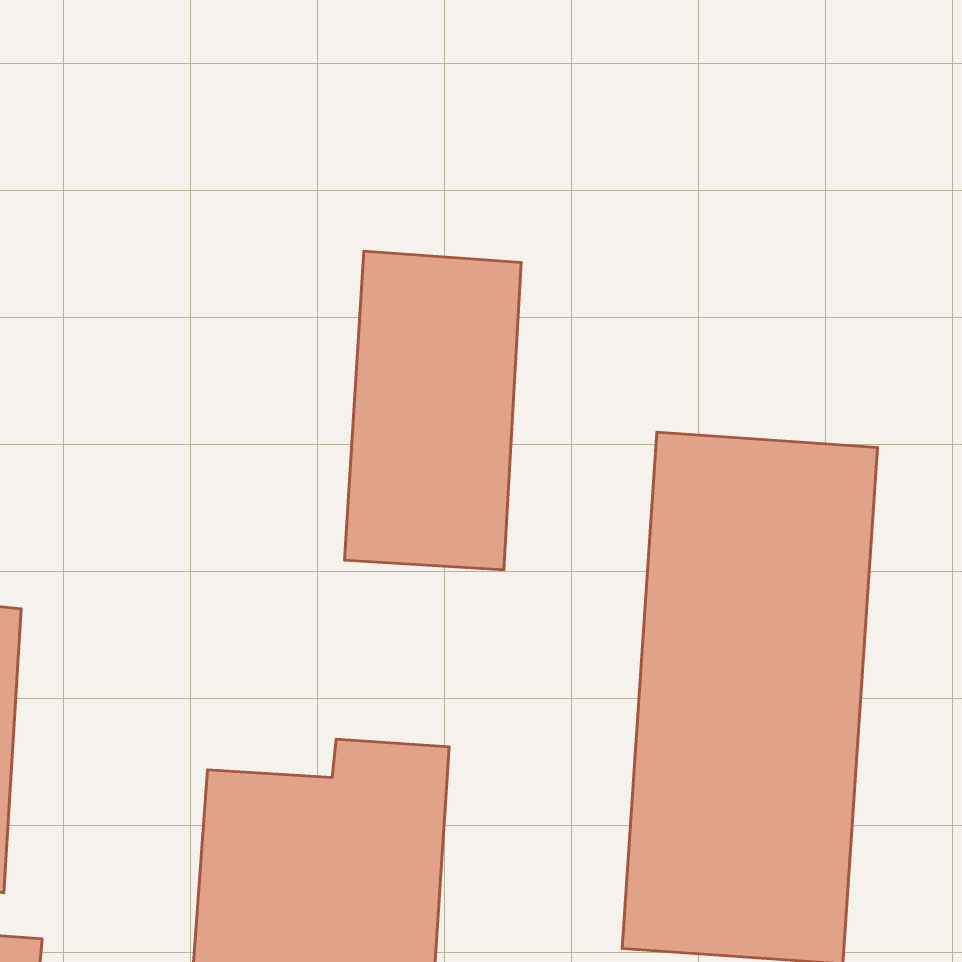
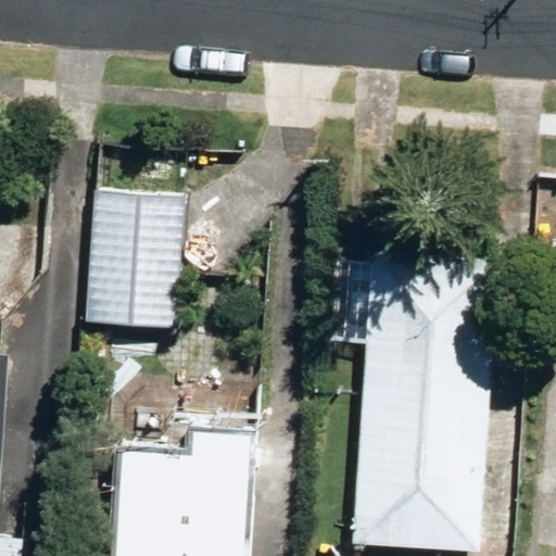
building: [345,251,521,570] -> [85,155,185,336]

